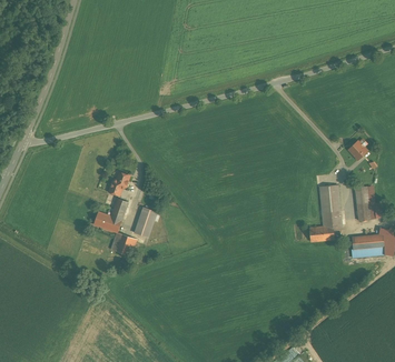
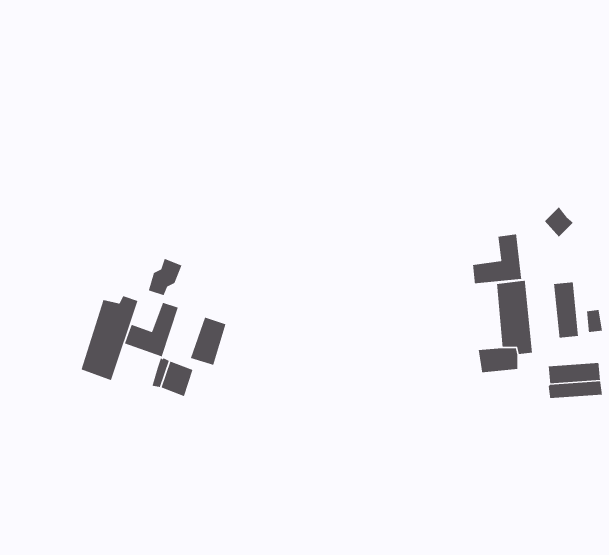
building: none -> [472,234,523,284]
building: none -> [80,295,138,381]

